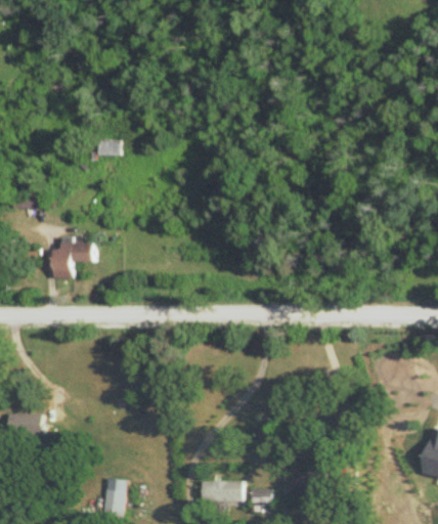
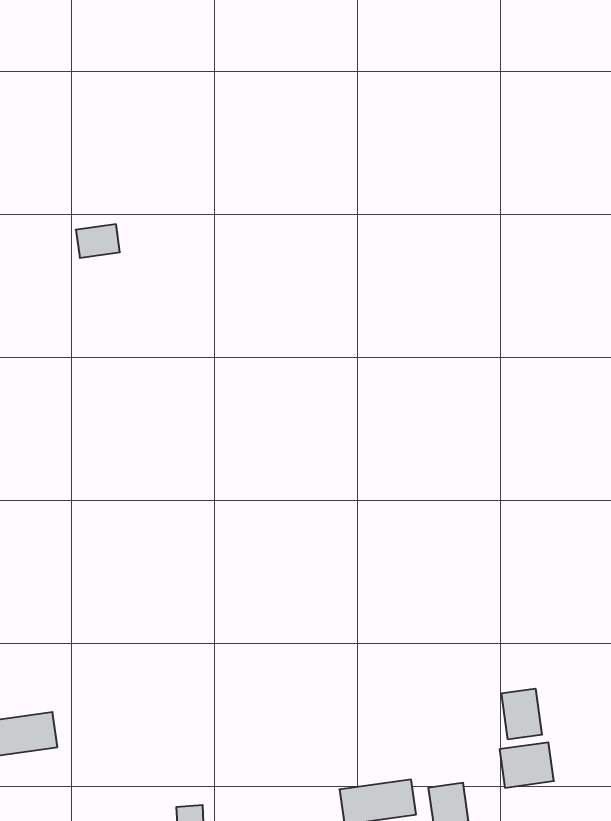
building: [49,242,91,276] -> none
building: none -> [502,689,542,739]

